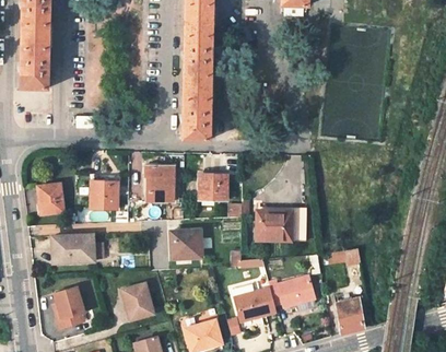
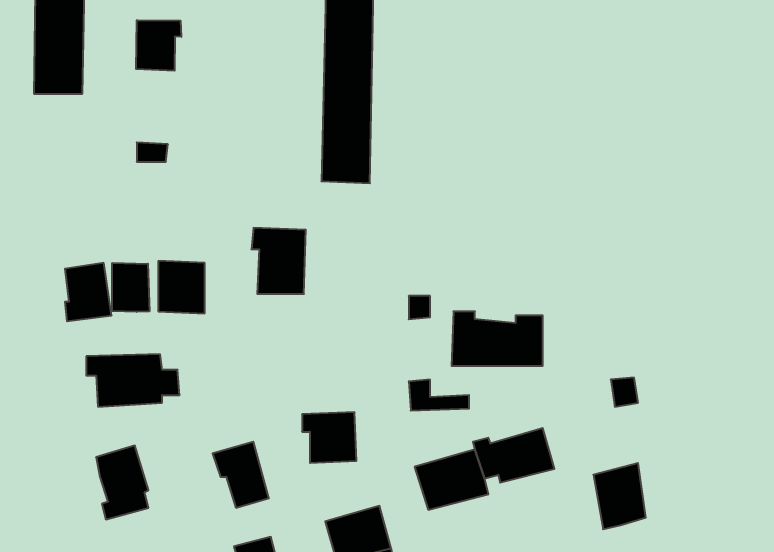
building: none -> [136,20,181,71]
building: [200,174,227,201] -> none
building: none -> [112,263,149,312]
building: [171,231,201,259] -> [302,412,356,463]

